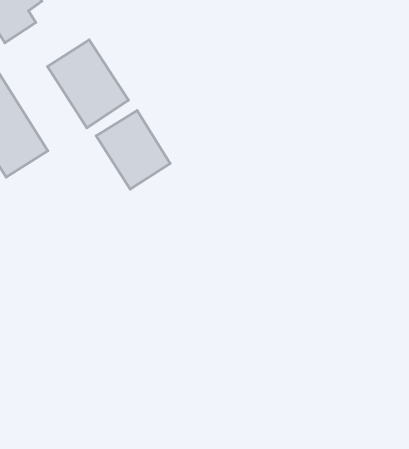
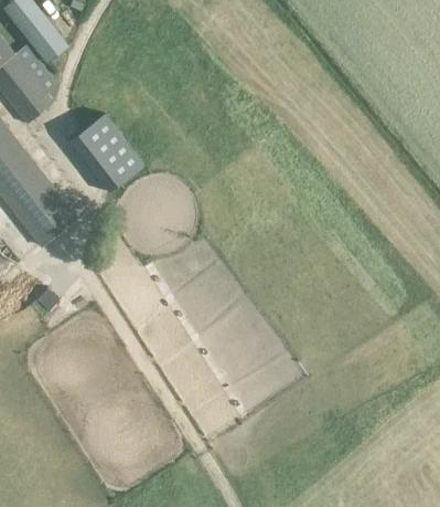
building: [96,110,170,189] -> none

